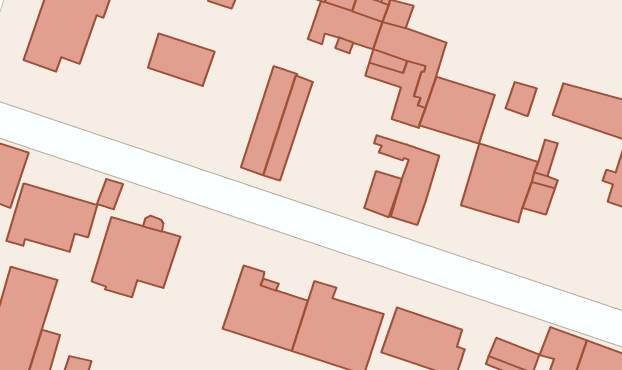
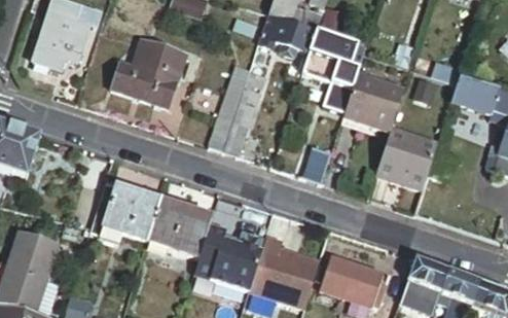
building: none -> [112,64,177,108]
building: [374,135,439,225] -> none
building: [6,183,97,252] -> none
building: none -> [146,201,211,257]
building: none -> [407,258,449,293]

